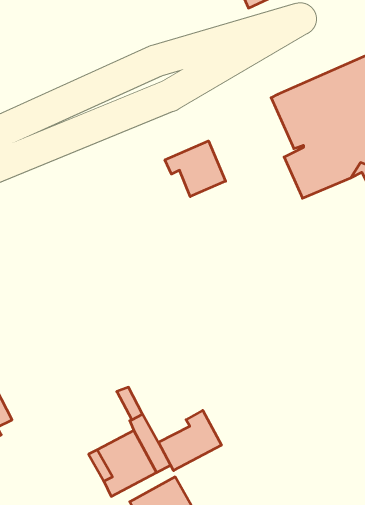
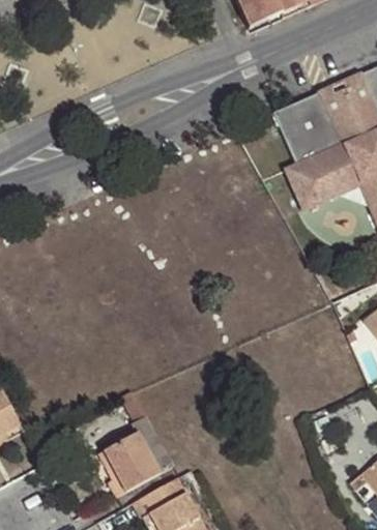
building: [165,141,226,197] -> none
building: [159,410,221,471] -> none

